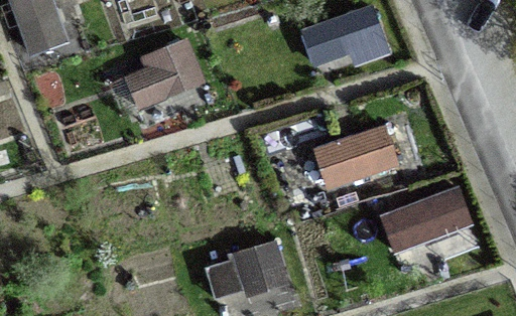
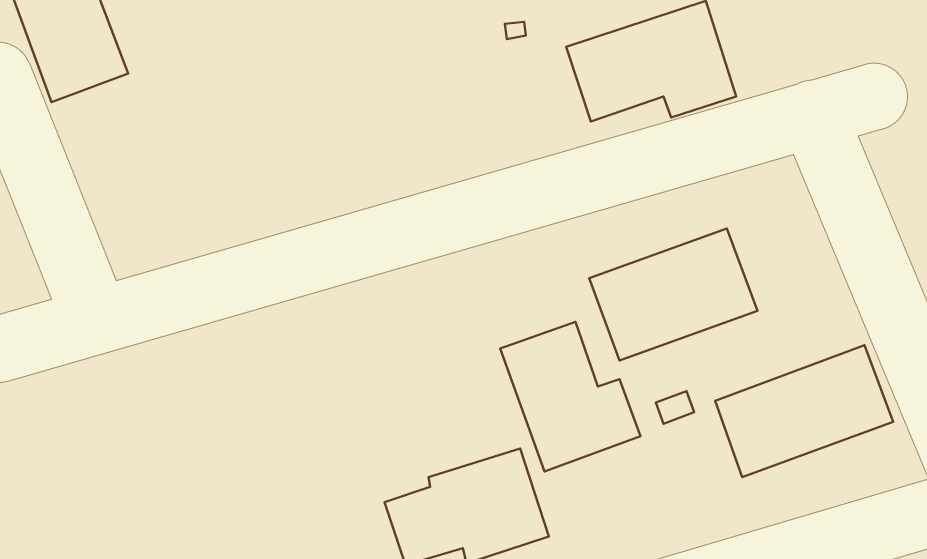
building: [123,37,207,111] -> none
building: none -> [500,322,640,472]

